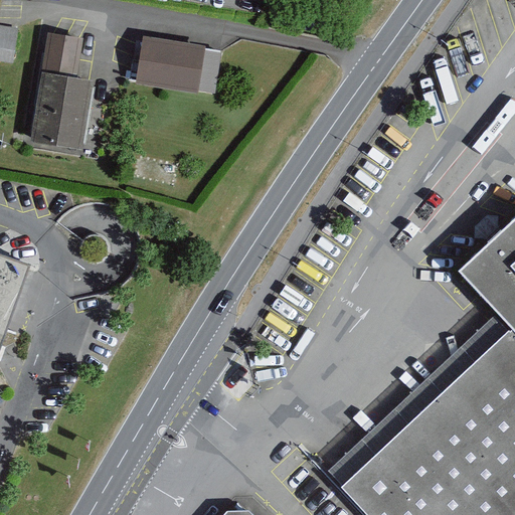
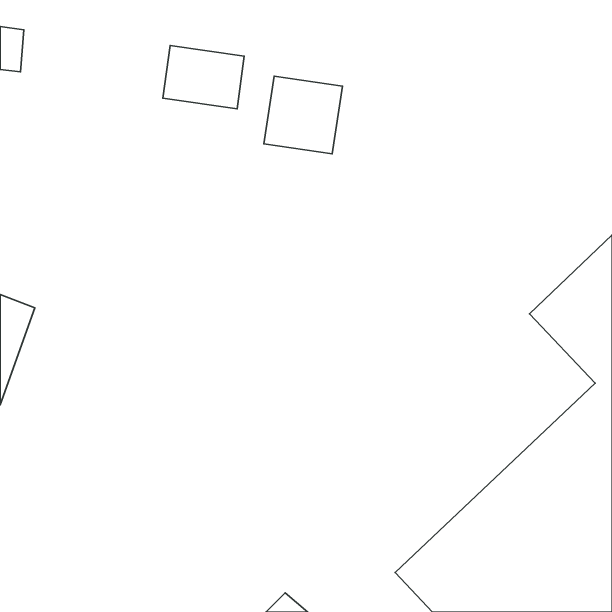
building: [31,34,94,155] -> none
building: none -> [264,76,343,154]

